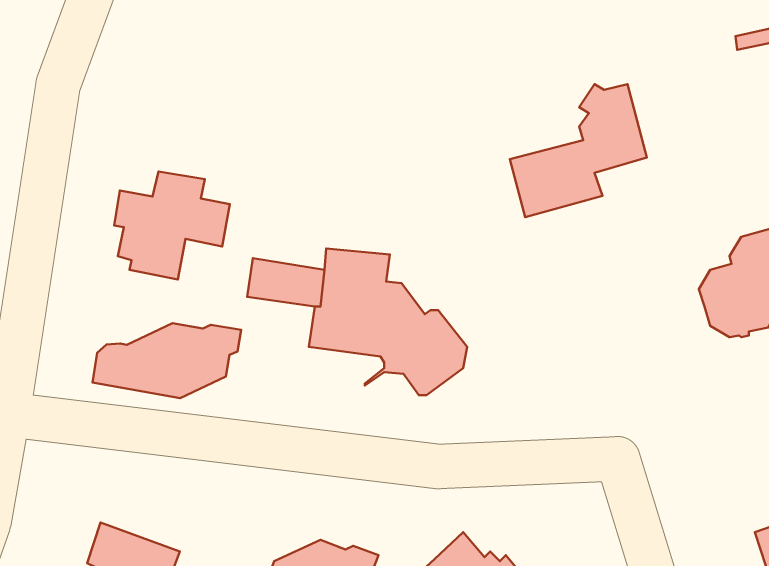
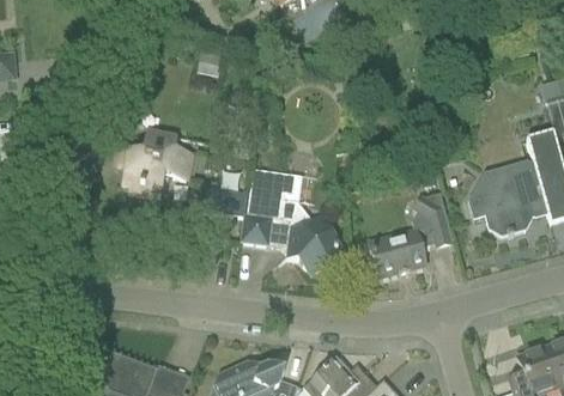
building: [510,84,647,217] -> [368,194,453,276]
building: [92,323,241,398] -> none

